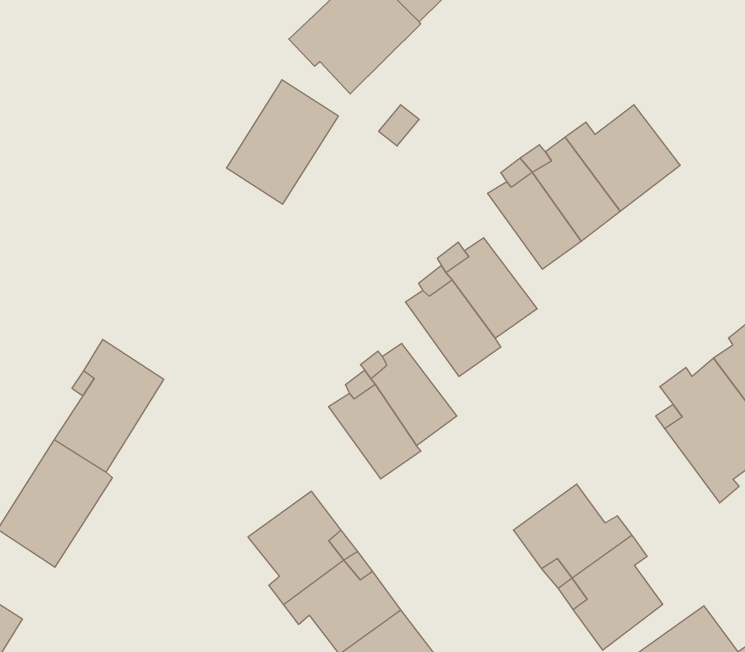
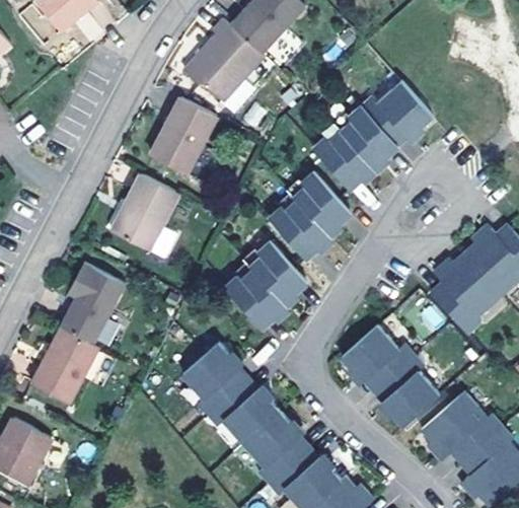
building: none -> [113,174,179,251]

